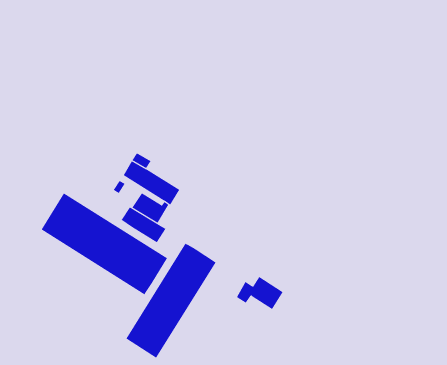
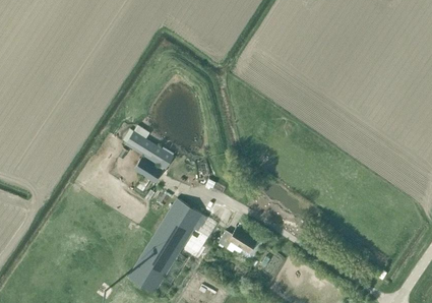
building: [41,192,168,295] -> none
building: [121,207,167,243] -> none

